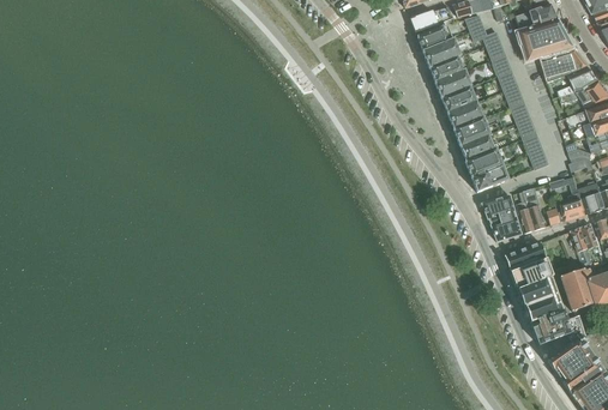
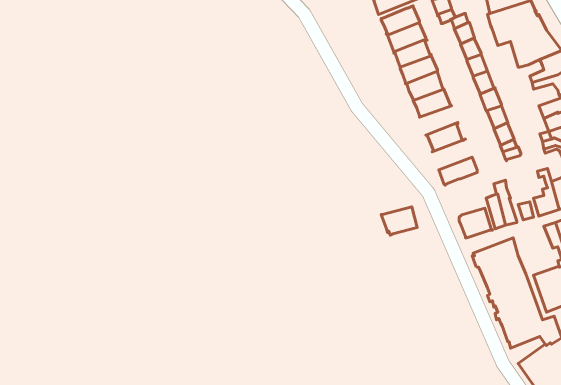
building: [455,117,490,145] -> none
building: [466,149,504,177] -> none
building: [483,194,517,221] -> [381,207,417,235]

